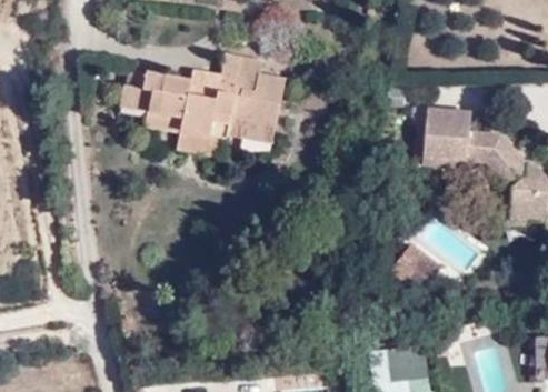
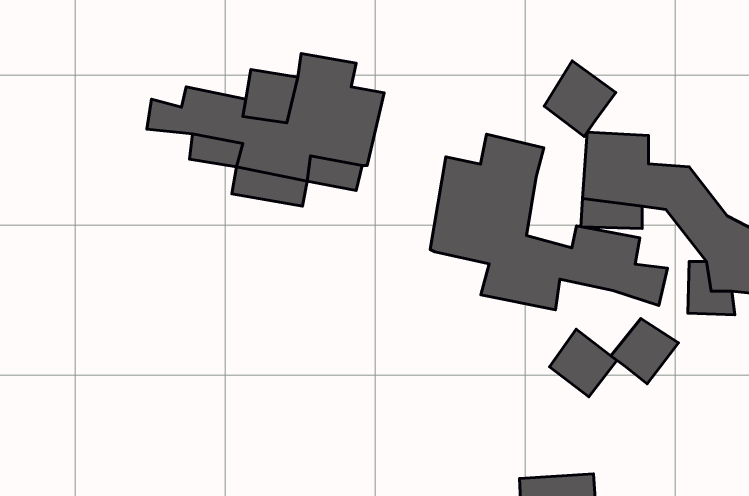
building: none -> [544,61,616,136]
building: none -> [430,134,668,310]
building: none -> [611,318,678,384]

